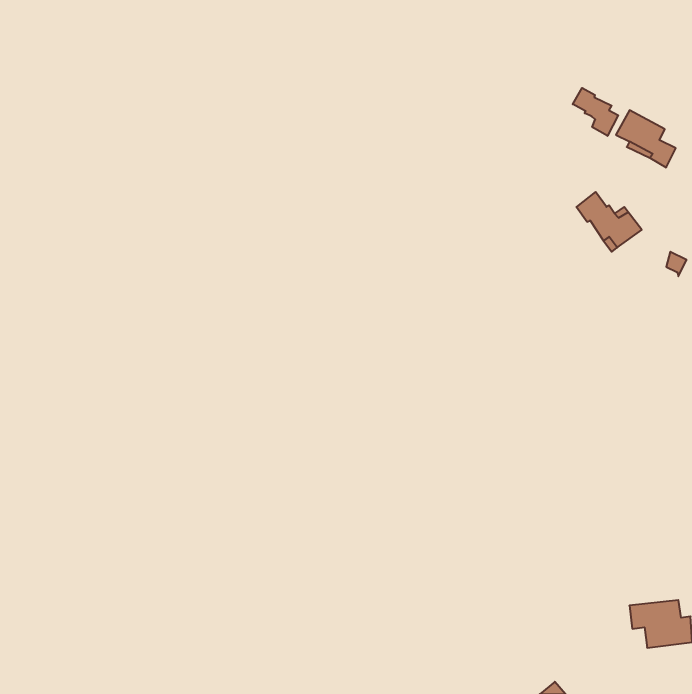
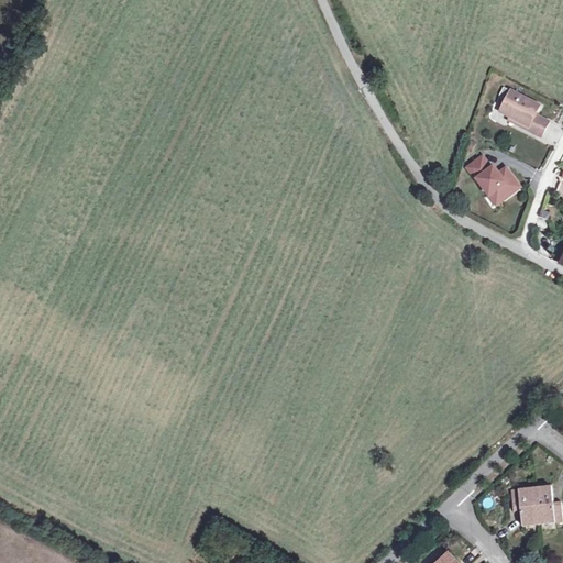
building: [573,88,618,136] -> none

